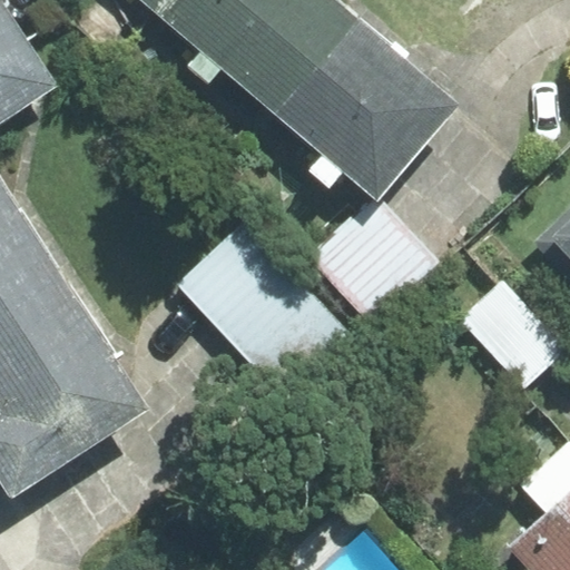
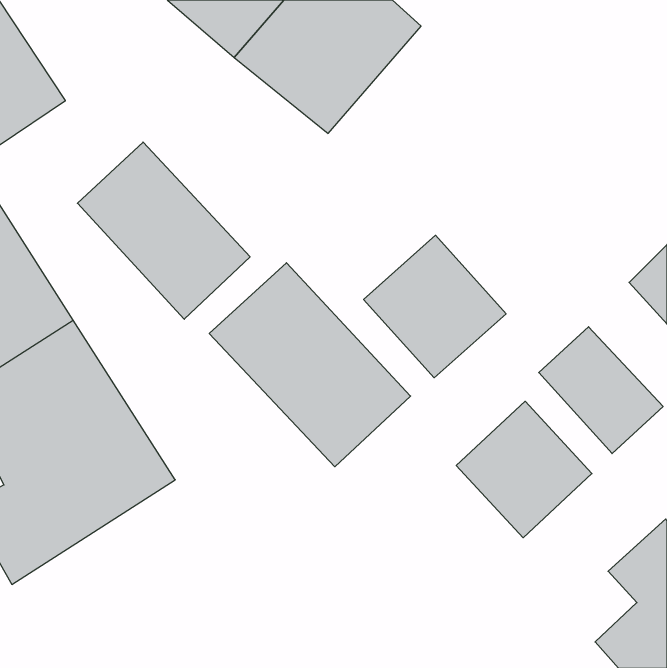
building: [279,22,455,197] -> none
building: none -> [77,142,250,319]
building: none -> [456,401,592,538]

